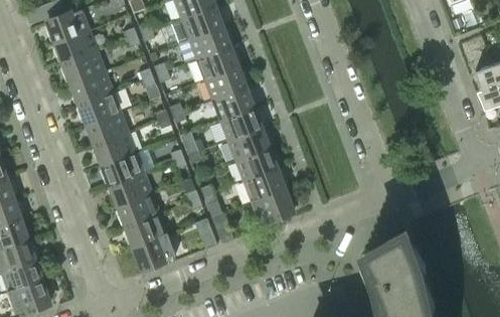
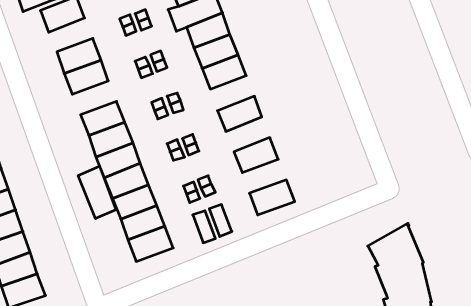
building: [54,31,98,64] -> none
building: [212,88,256,122] -> none
building: [77,93,121,126] -> none
building: [227,128,271,162] -> none
building: [243,169,287,202] -> none
building: none -> [78,166,116,219]

